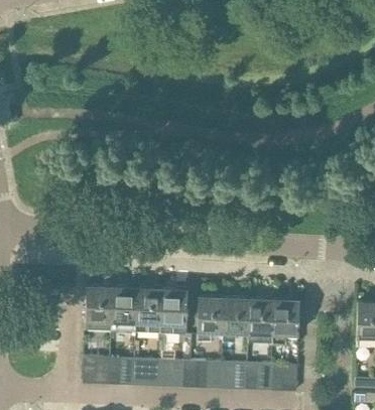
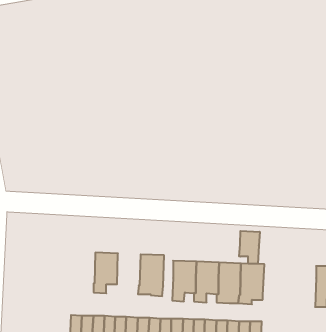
building: none -> [239,231,260,264]
building: [85,285,112,330] -> none
building: [134,287,162,332] -> none

